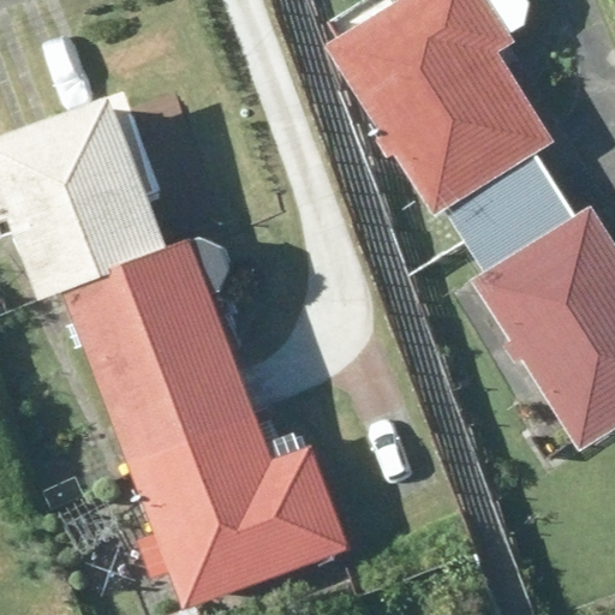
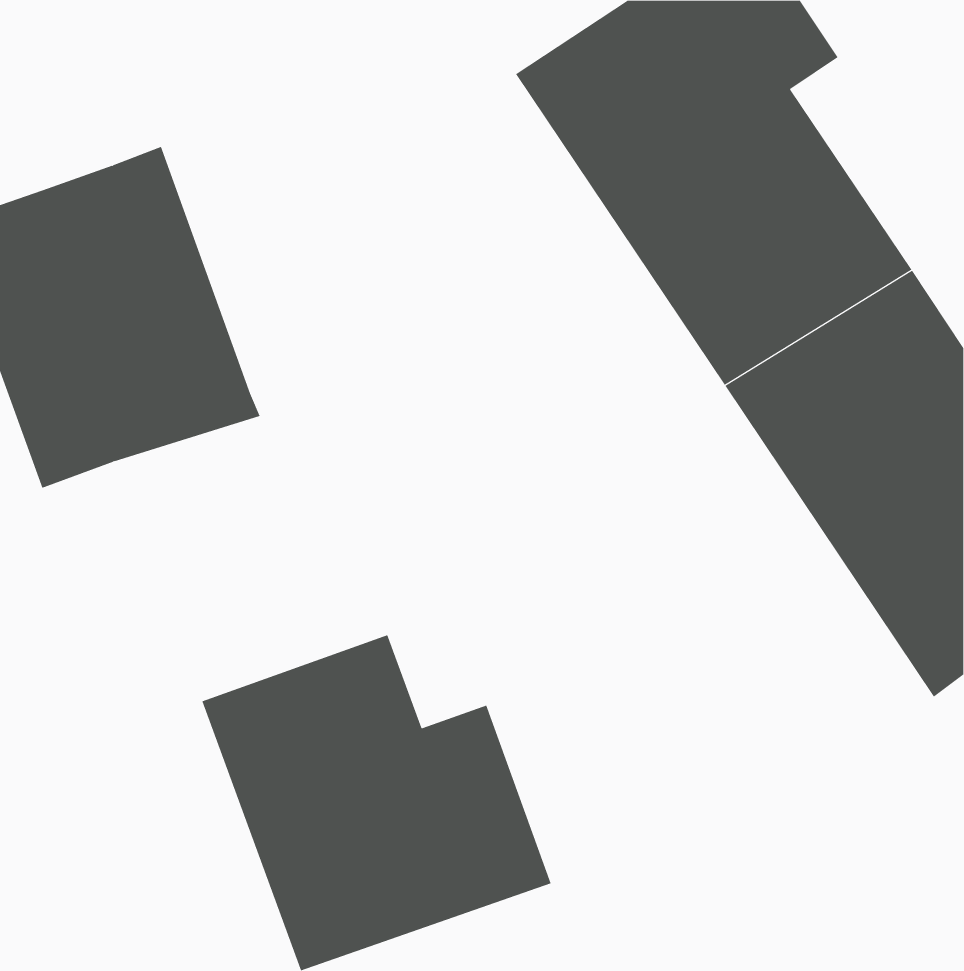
building: [72,239,245,443] -> none

